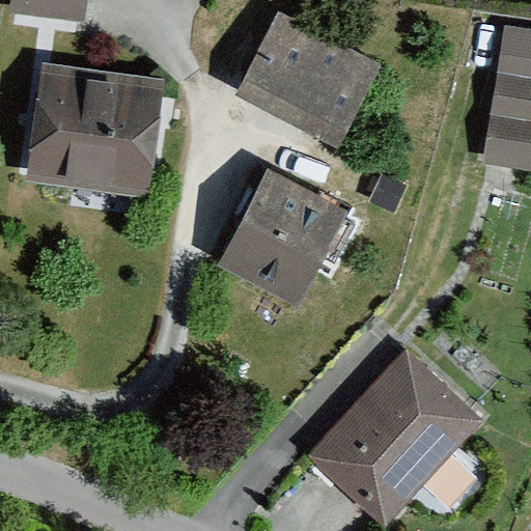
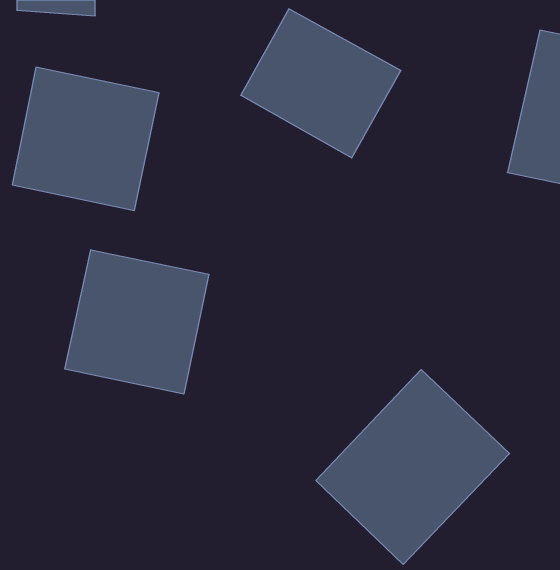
building: [215,170,348,311] -> none
building: none -> [65,250,209,394]

